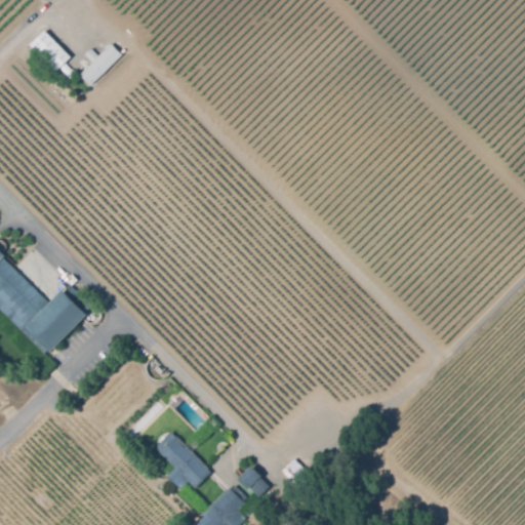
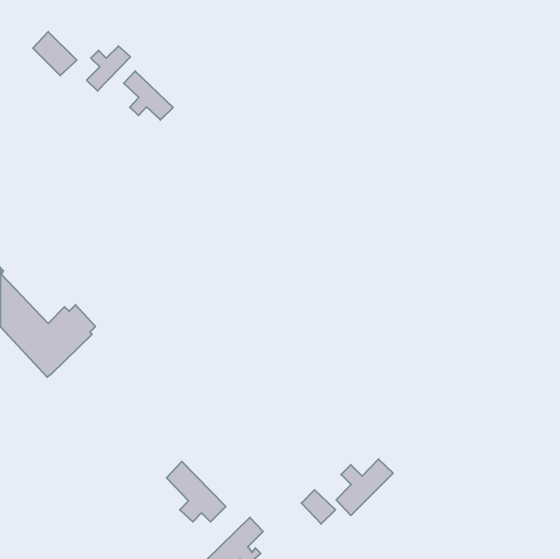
building: none -> [124,71,173,120]
building: none -> [336,459,393,515]
building: [238,466,268,496] -> none

